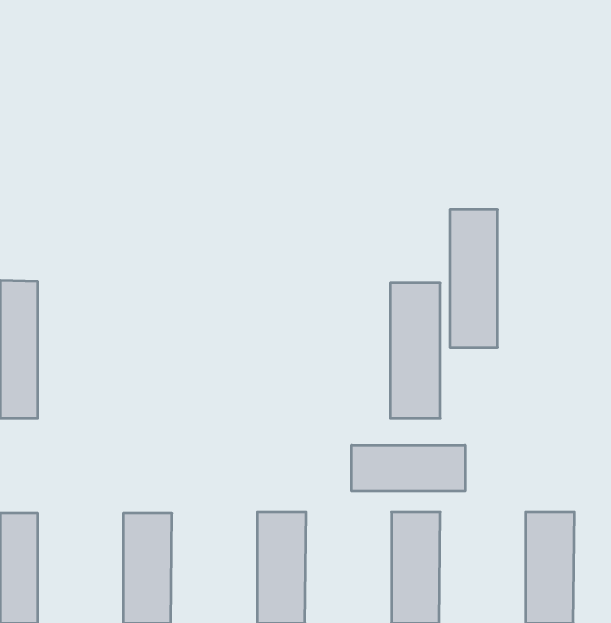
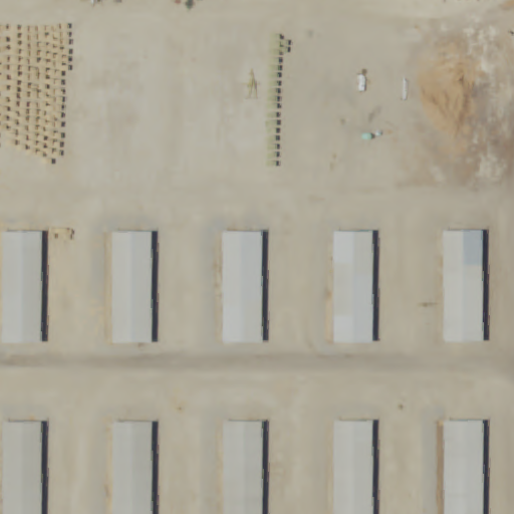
building: [450,210,498,347] -> [442,231,481,344]
building: none -> [110,233,151,344]
building: none -> [221,233,262,344]
building: [352,445,465,491] -> none

